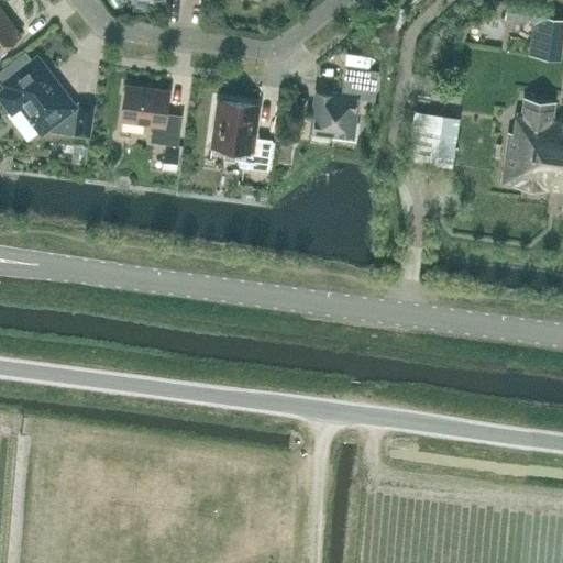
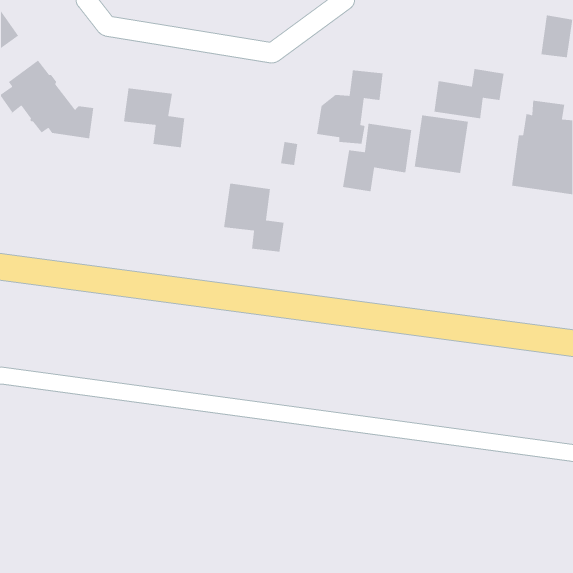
building: none -> [434,68,505,119]
building: [211,99,272,169] -> [223,181,285,252]
building: none -> [342,123,412,192]

